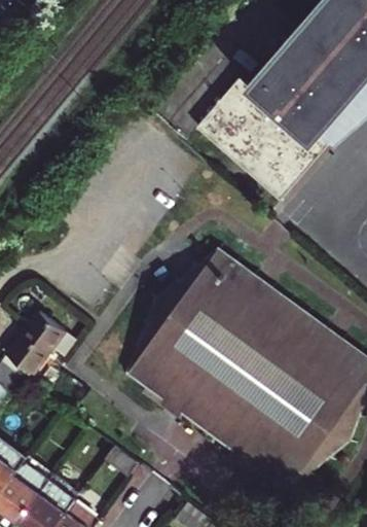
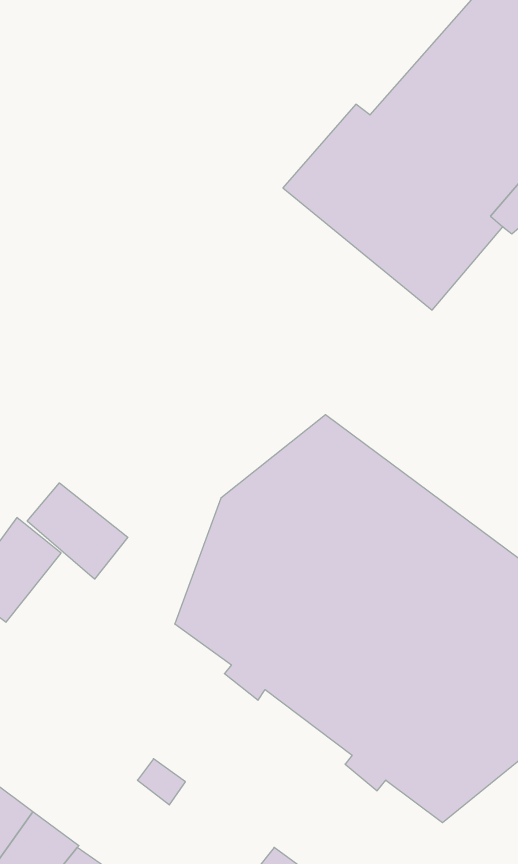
building: none -> [27,483,128,579]

